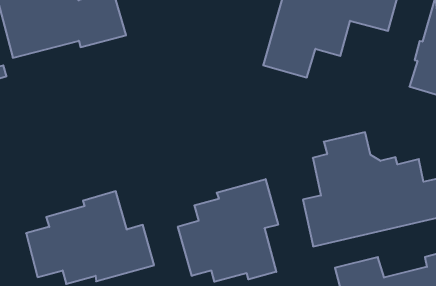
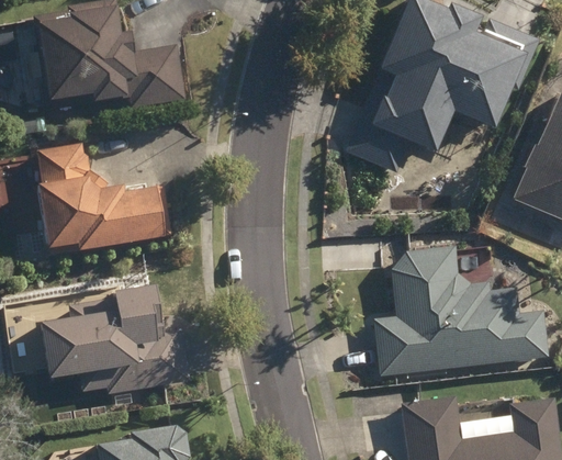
building: none -> [37,145,162,254]
building: [178,179,278,282] -> none

